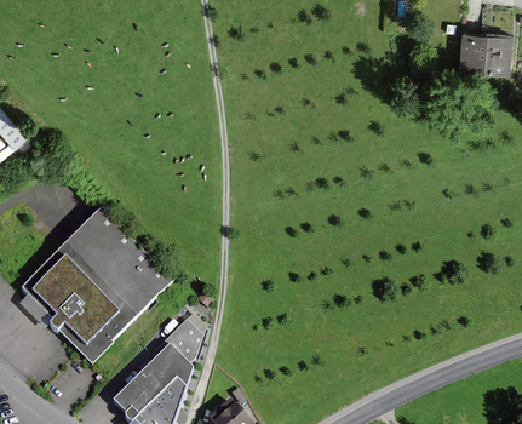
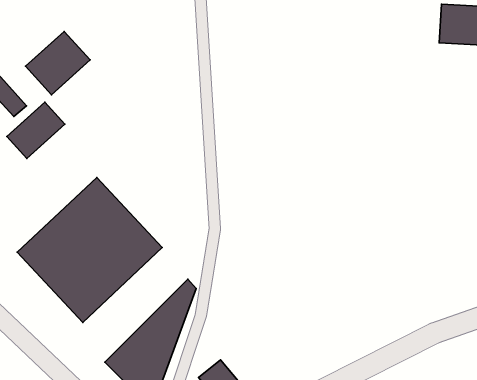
building: none -> [25,31,90,95]
building: none -> [7,102,65,159]

